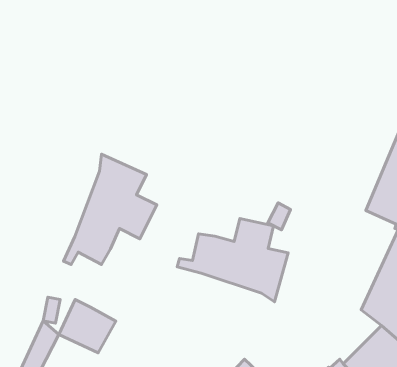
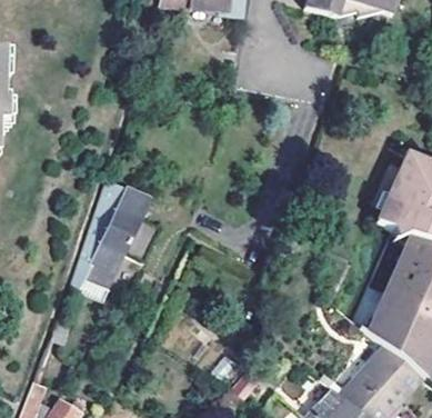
building: [177,219,288,302] -> none
building: [59,300,116,353] -> none

